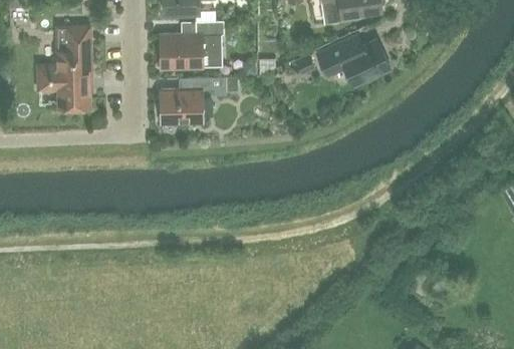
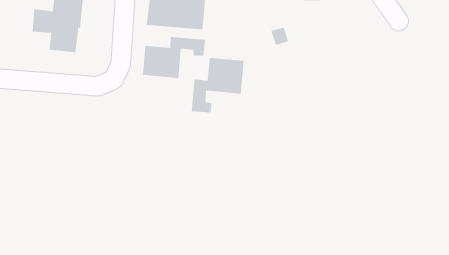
building: [317,39,390,84] -> none
building: none -> [191,57,244,113]

